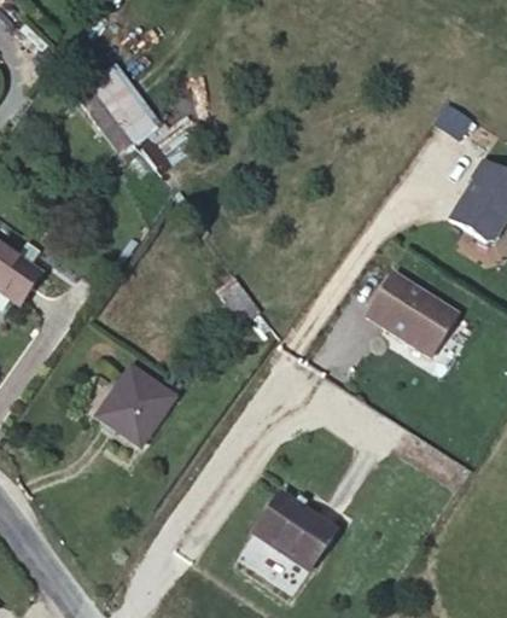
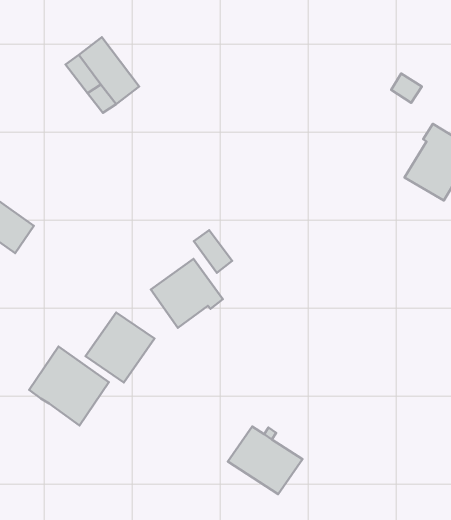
building: [365,273,458,357] -> none
building: none -> [151,259,223,328]
building: none -> [29,346,109,425]

